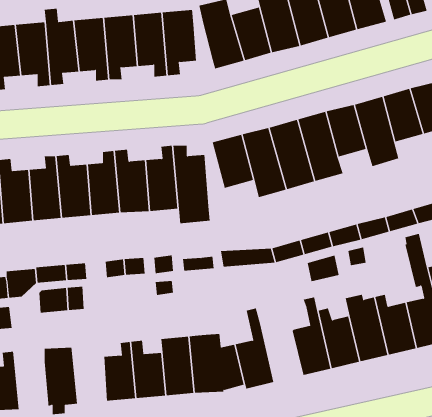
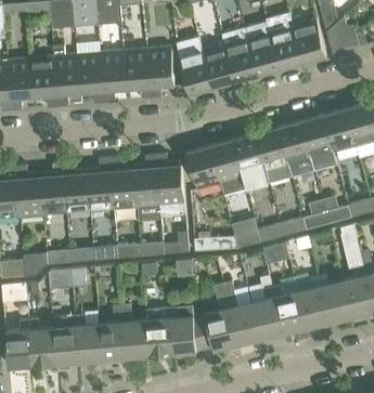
building: none -> [223,283,260,344]
building: none -> [76,315,103,362]
building: none -> [29,319,56,366]

